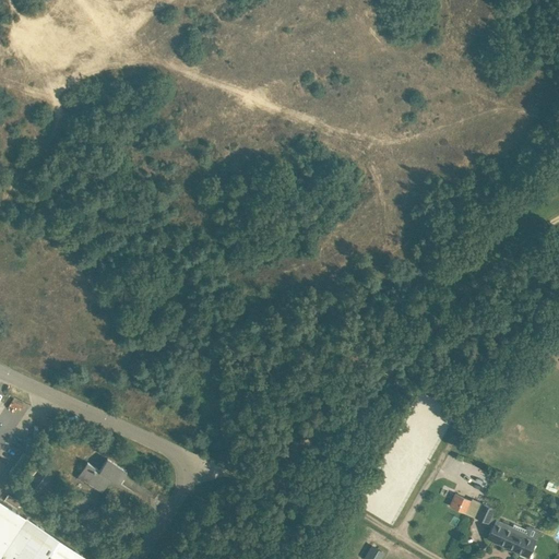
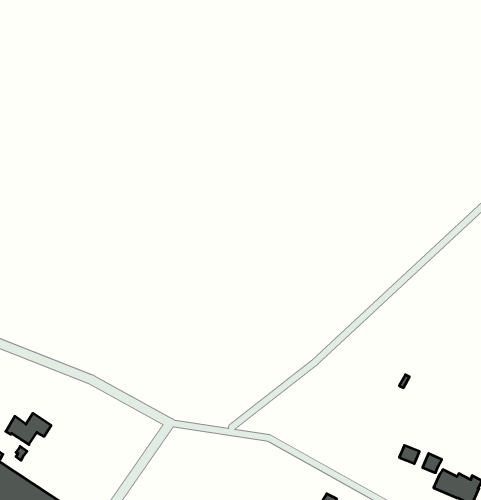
building: [76,461,126,495] -> [6,413,51,445]

